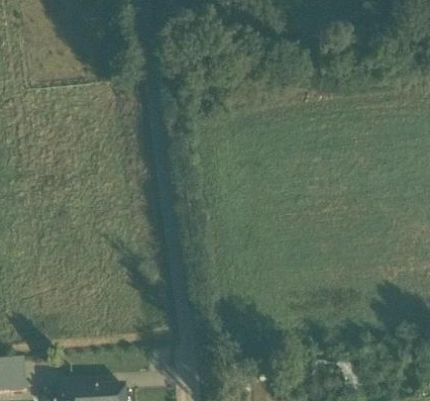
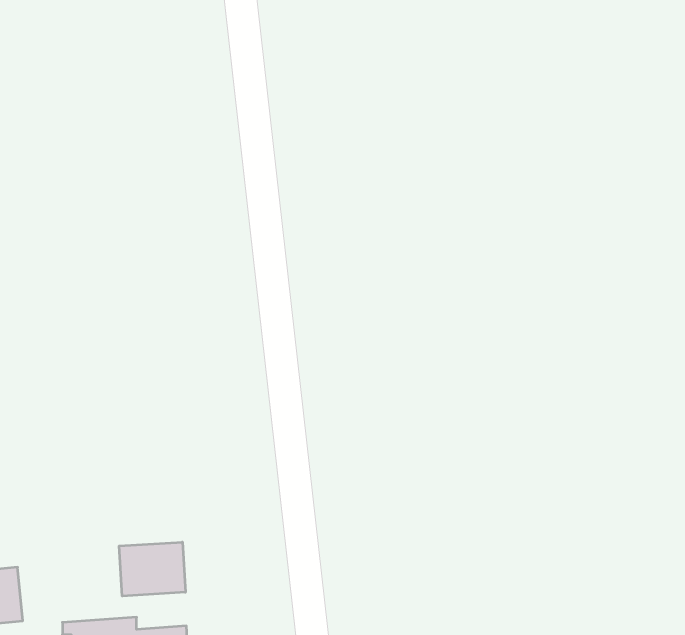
building: none -> [119,542,185,596]

